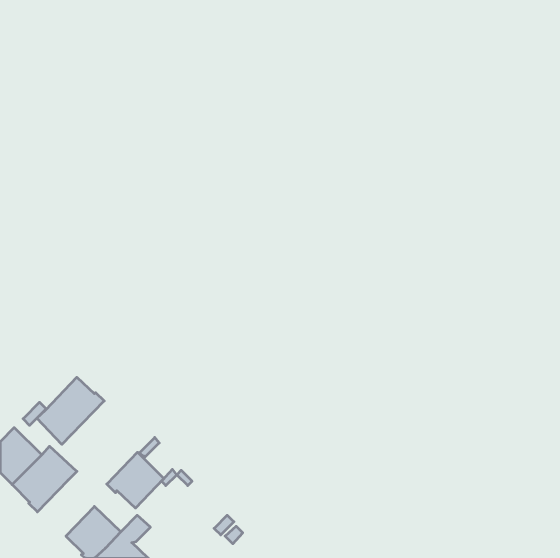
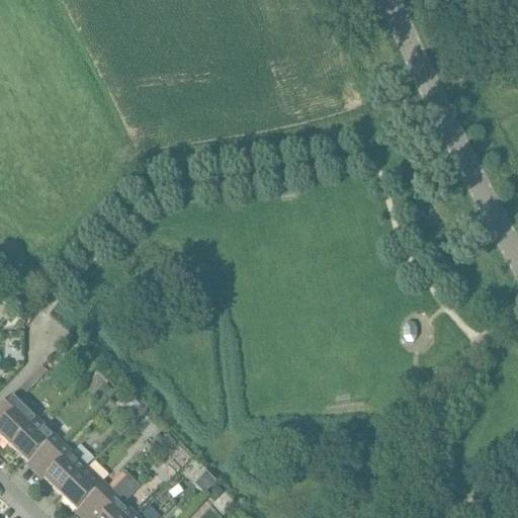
building: [37,377,104,444] -> none
building: [107,452,164,508] -> [35,443,88,495]

